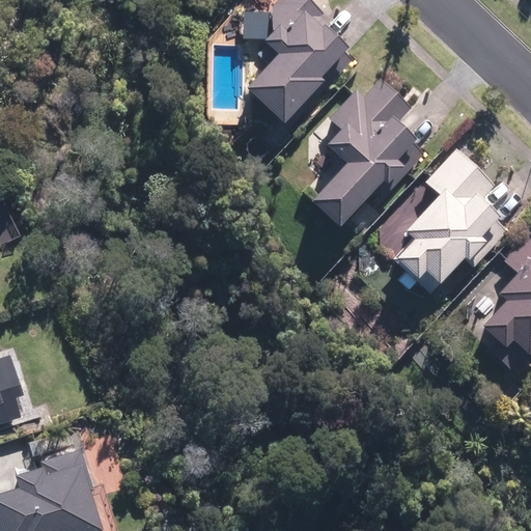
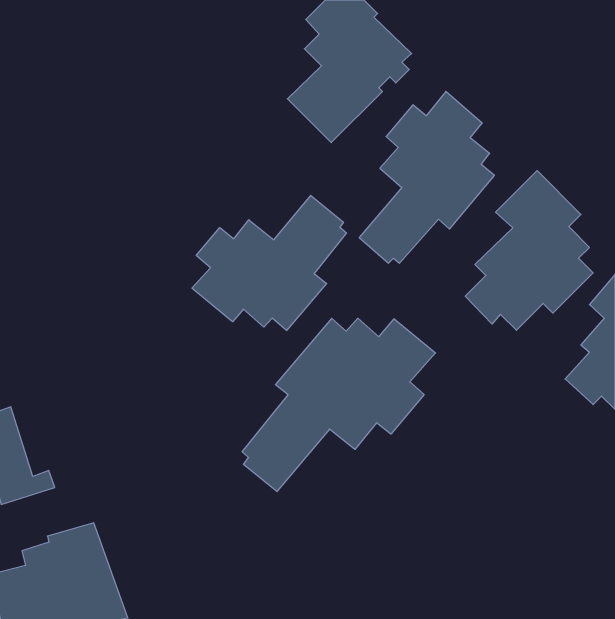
building: none -> [192,195,346,330]
building: none -> [242,318,436,492]

